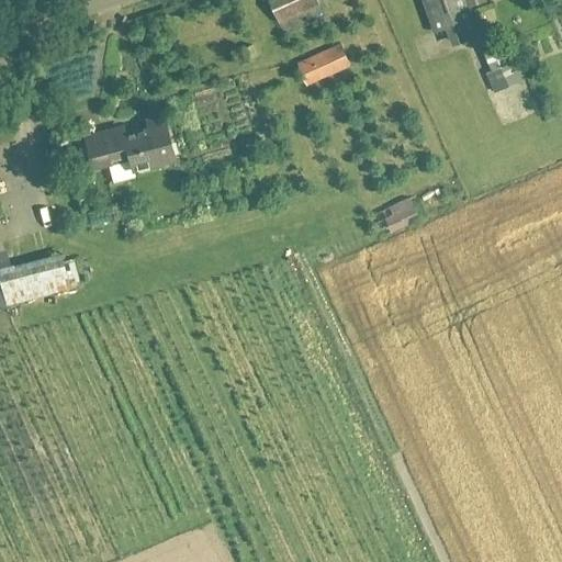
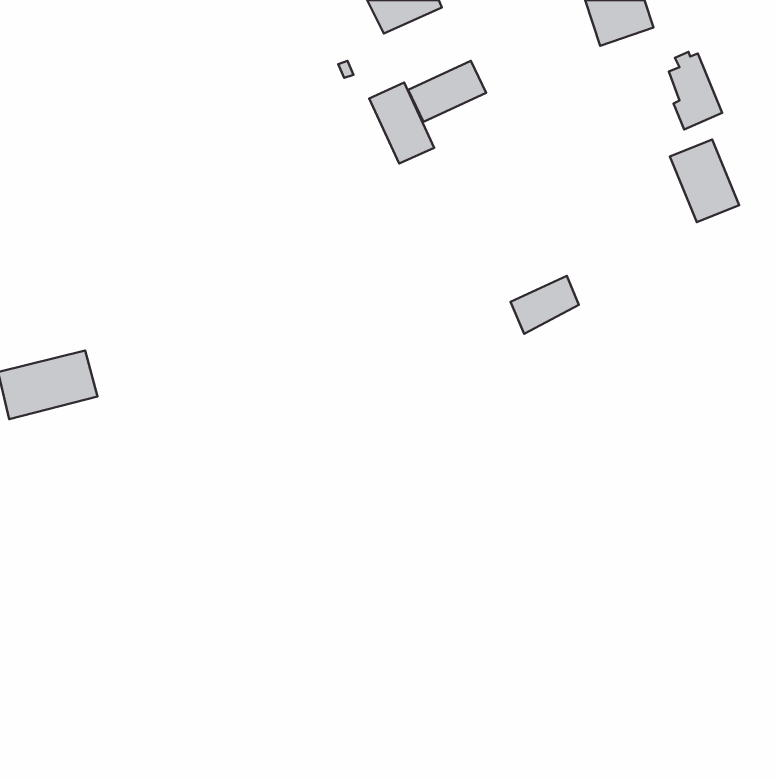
building: none -> [369,83,434,164]
building: none -> [670,140,739,222]
building: [85,116,175,172] -> none

